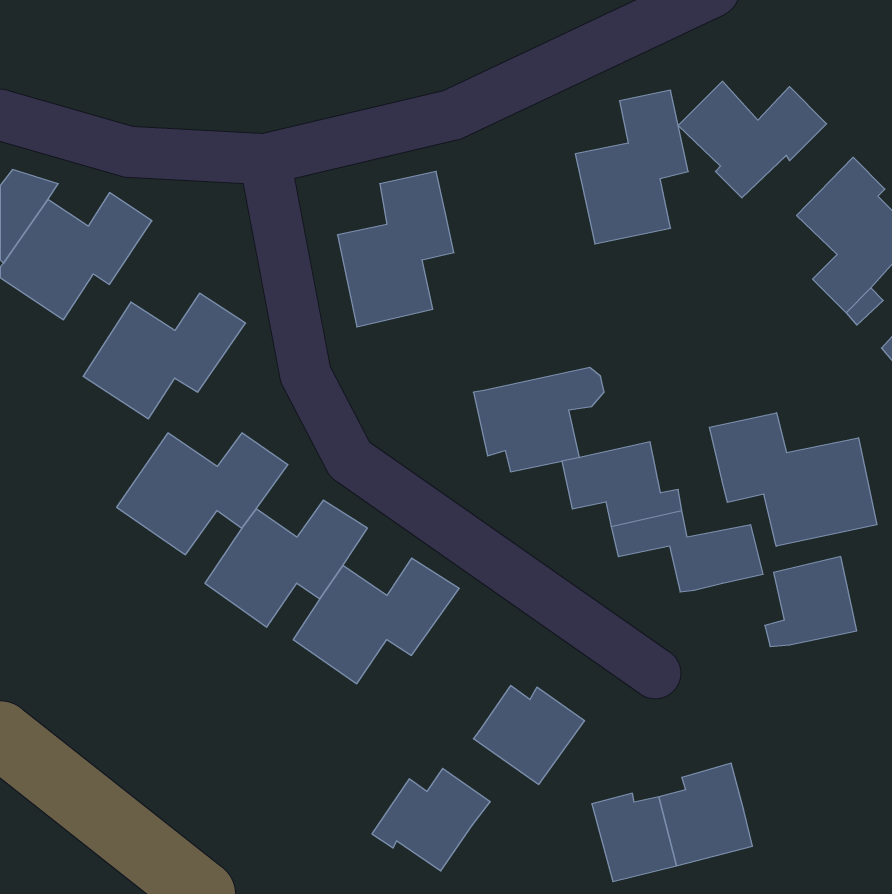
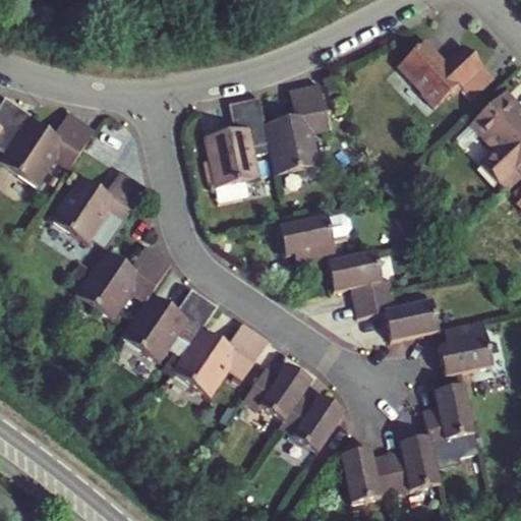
building: [575,90,688,244] -> [263,85,328,174]
building: [709,413,877,546] -> none
building: none -> [420,385,481,466]
building: [372,768,490,871] -> [242,362,310,421]

